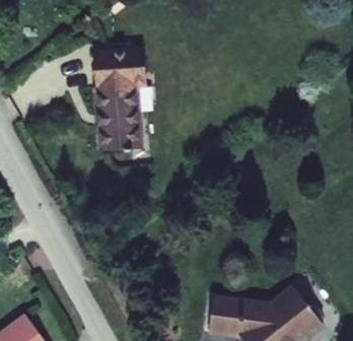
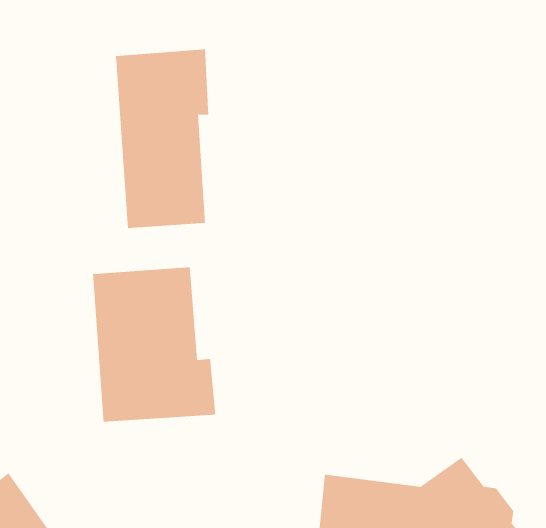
building: none -> [92,266,216,422]

